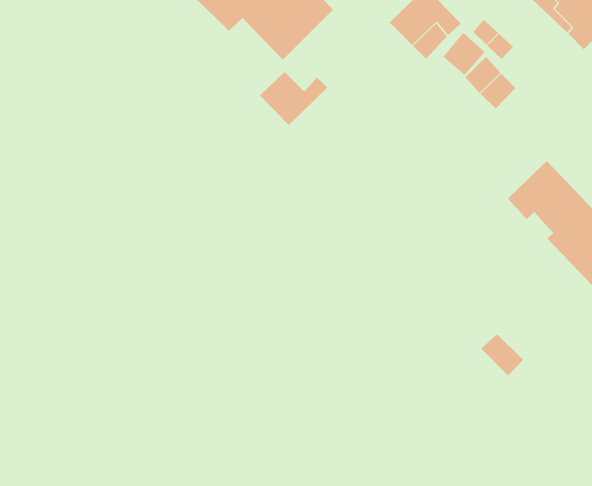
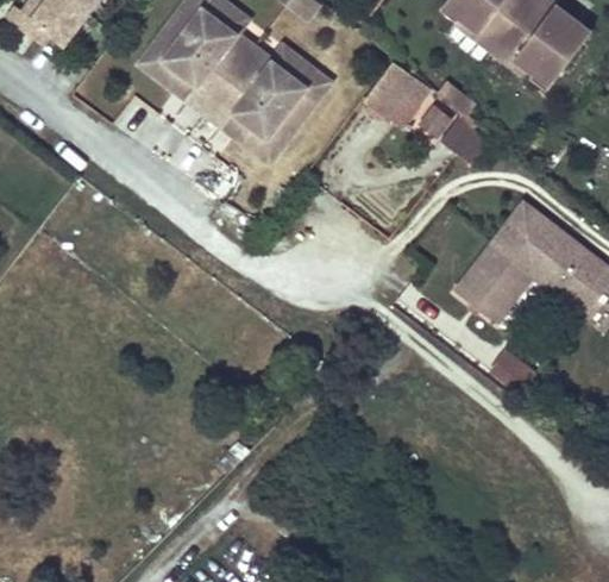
building: [259,71,328,126] -> none
building: none -> [456,238,539,318]

